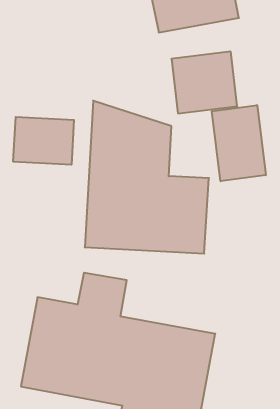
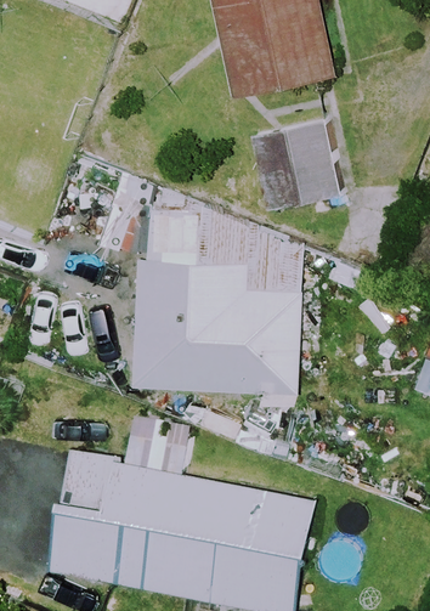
building: [212,105,266,181] -> none
building: [13,117,74,165] -> none

